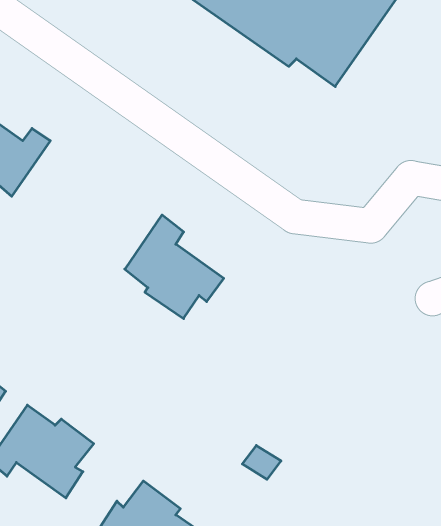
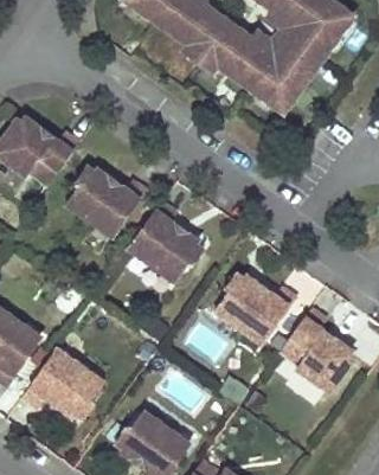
building: none -> [63,167,142,236]
building: none -> [214,271,295,338]
building: none -> [280,307,356,386]

